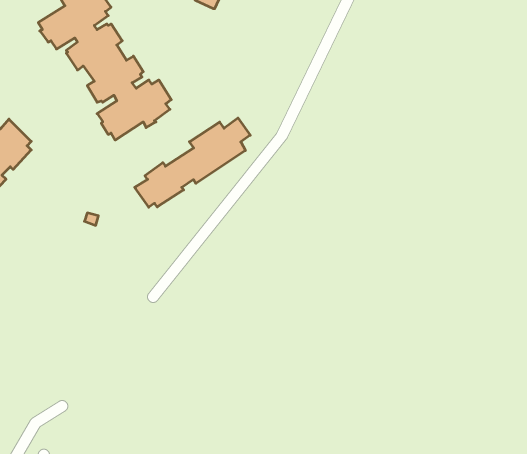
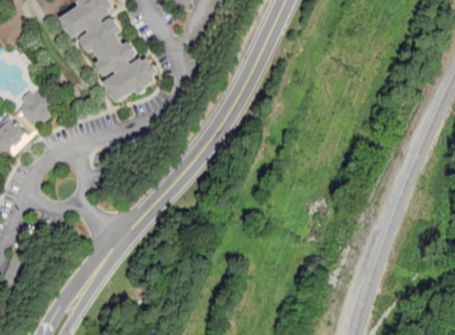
building: [135,118,250,207] -> none

